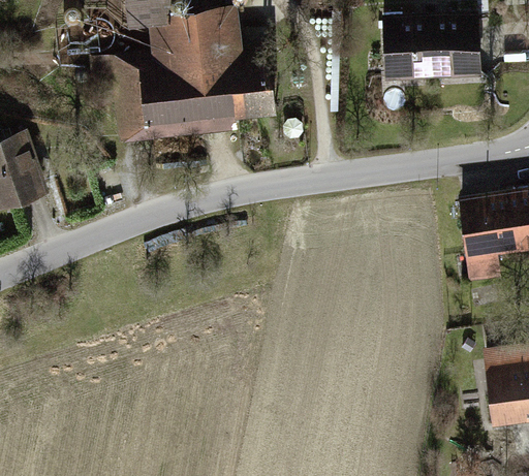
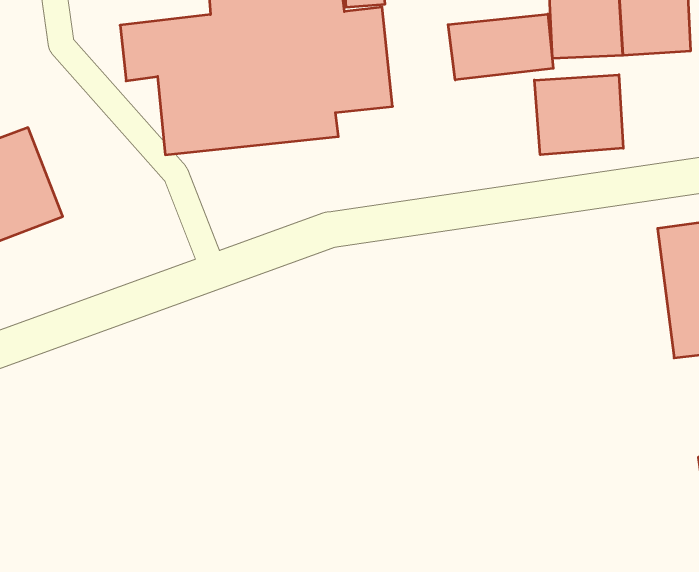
building: none -> [448,14,553,80]
building: none -> [534,75,623,155]

